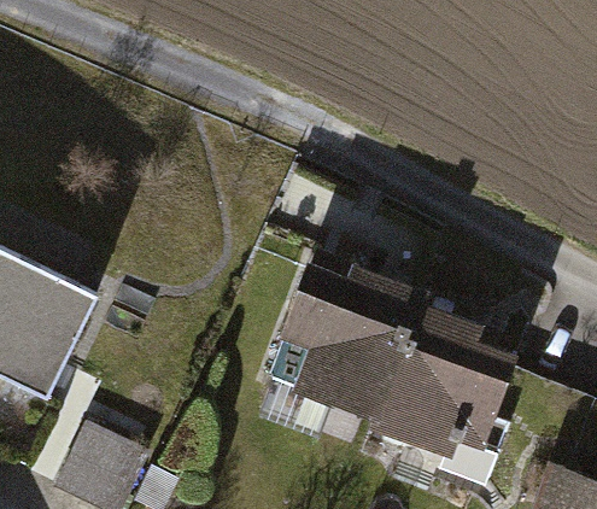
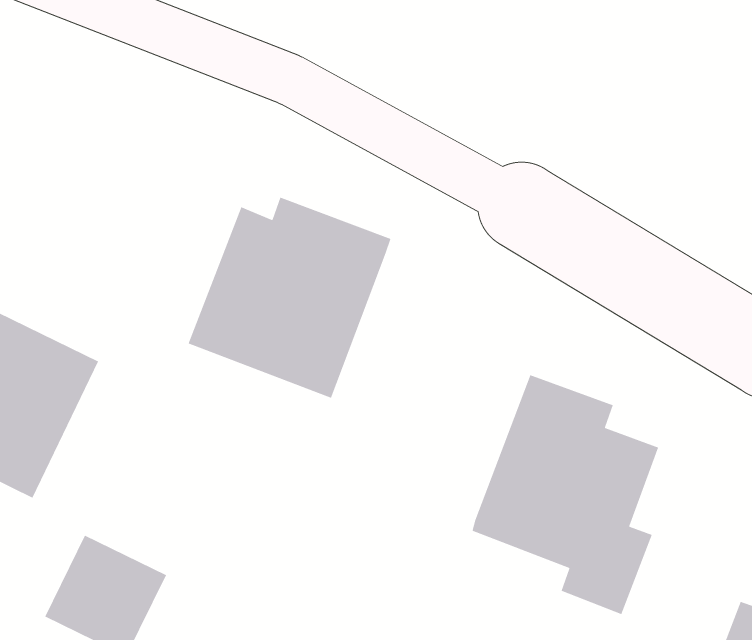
building: [267,265,419,416] -> [188,196,392,399]

